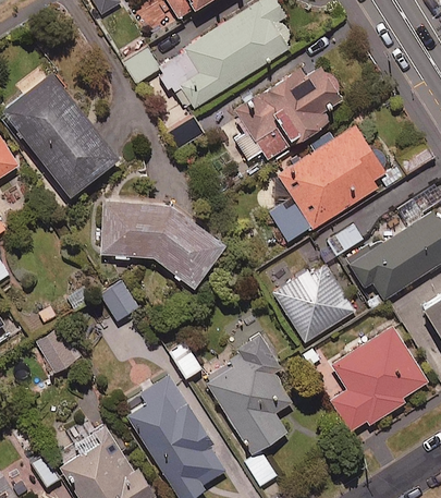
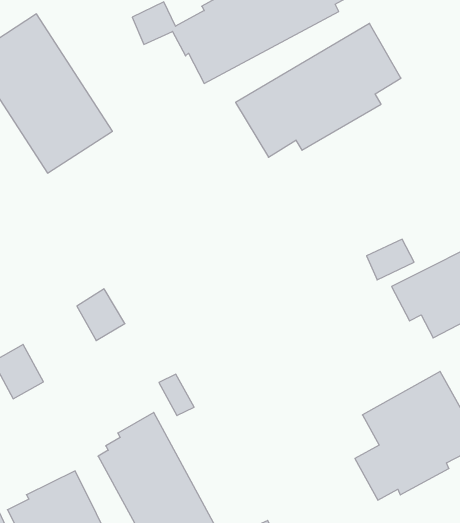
building: [270,125,387,243] -> none
building: [99,202,222,287] -> none
building: [272,263,355,345] -> none
building: [206,320,292,453] -> none

